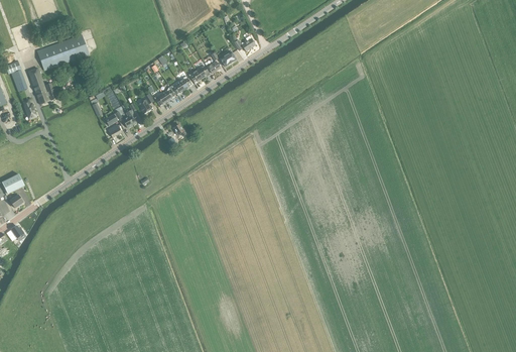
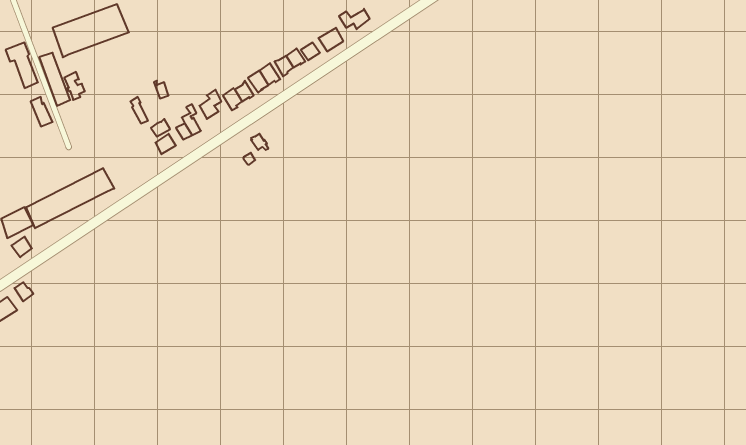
building: none -> [26,168,114,228]

